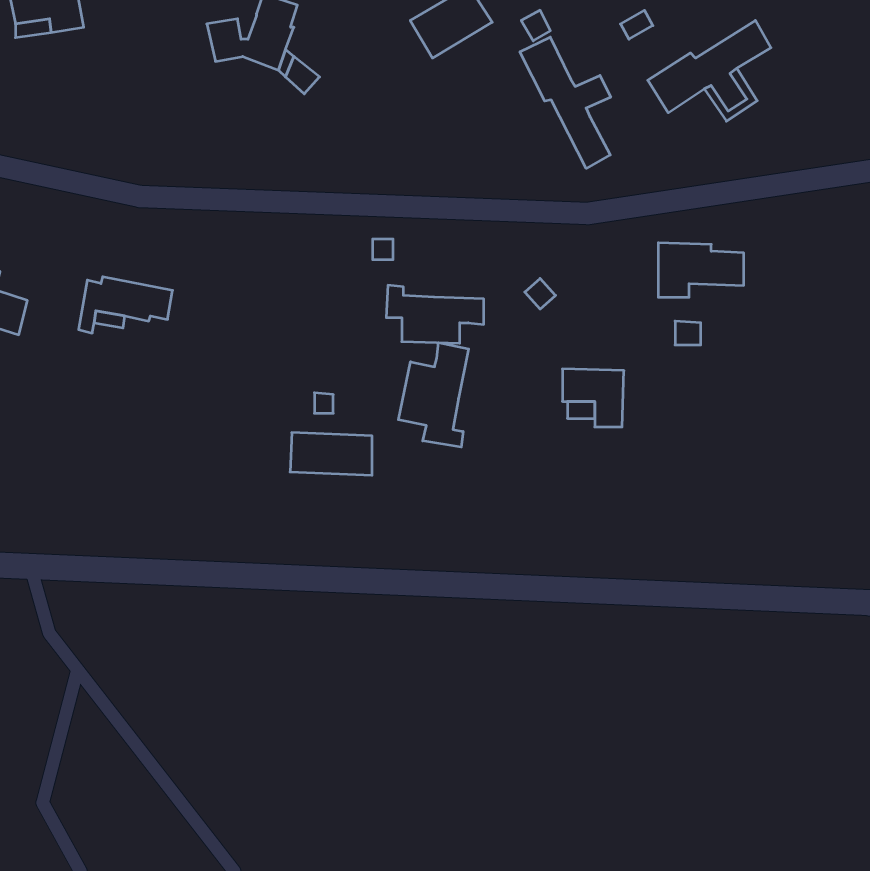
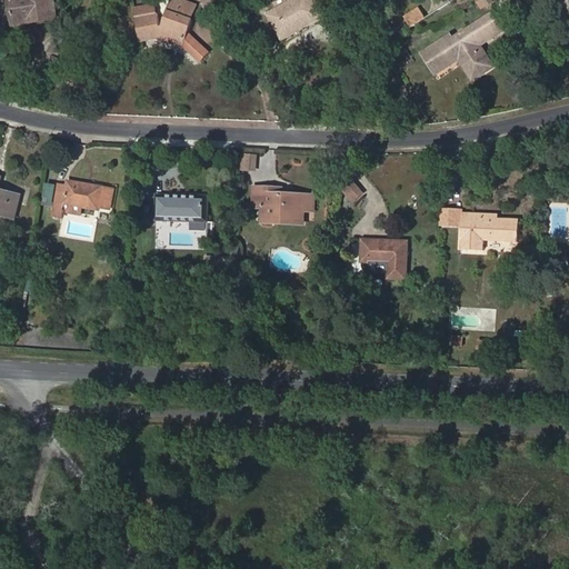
building: [520,37,611,168] -> none
building: [658,243,744,297] -> [461,212,517,248]
building: [398,343,469,447] -> none
building: [290,433,372,475] -> [153,193,207,221]

